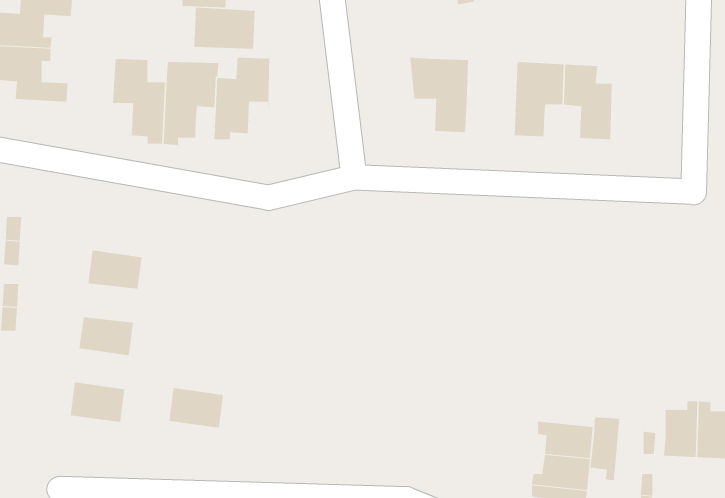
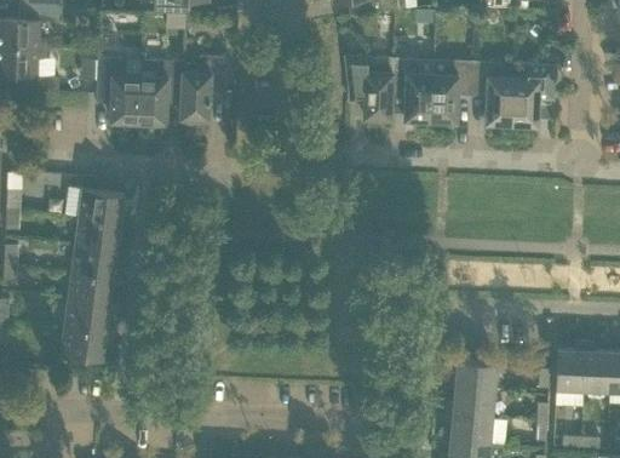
building: [194,7,255,49] -> none
building: none -> [392,59,434,122]
building: none -> [512,65,556,127]
building: none -> [64,189,125,224]
building: none -> [71,246,117,279]
building: [169,388,224,428] -> [64,300,110,334]
building: [590,416,620,481] -> none

